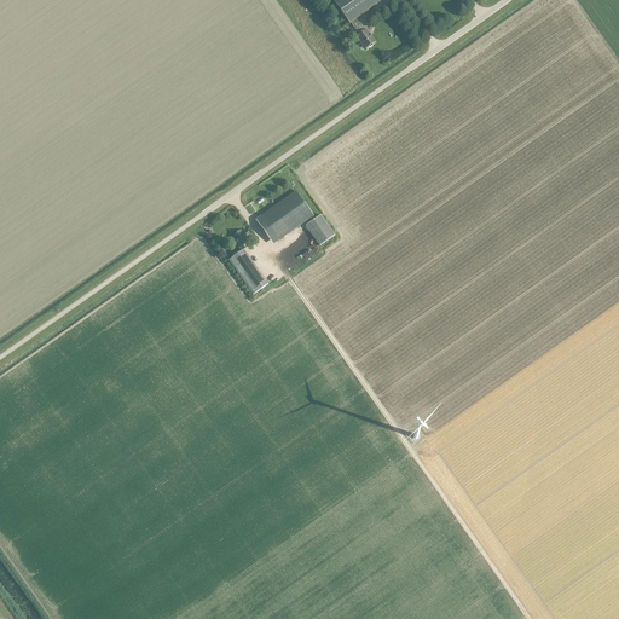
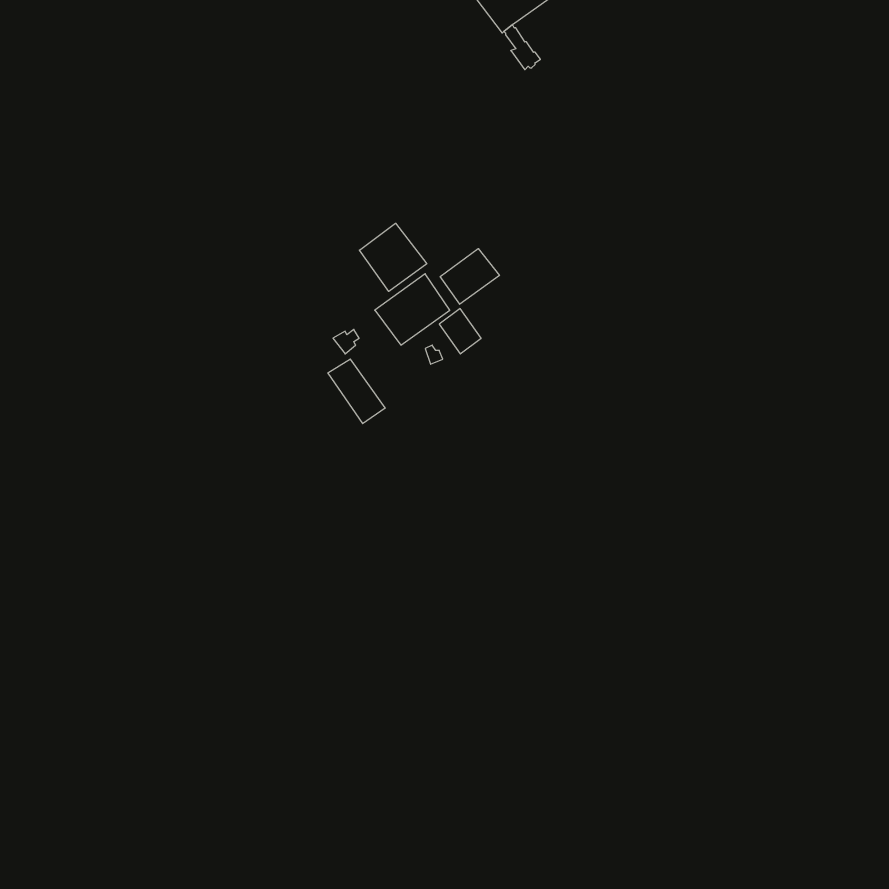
building: none -> [359,223,427,291]
building: none -> [440,249,499,304]

